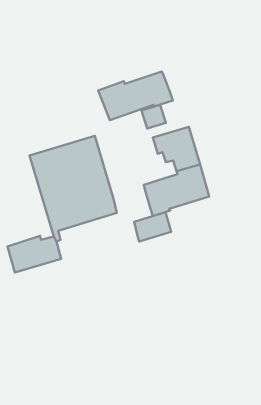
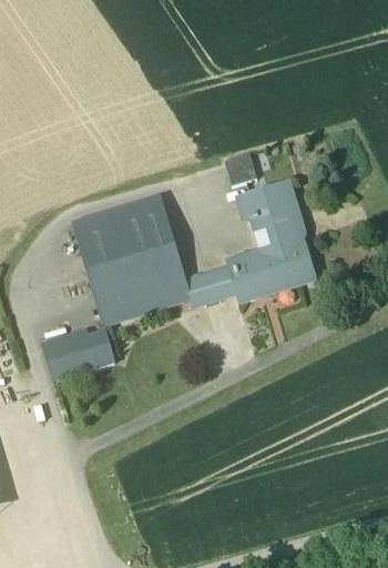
building: [98,72,173,120] -> none
building: [134,212,171,242] -> [186,266,236,306]

